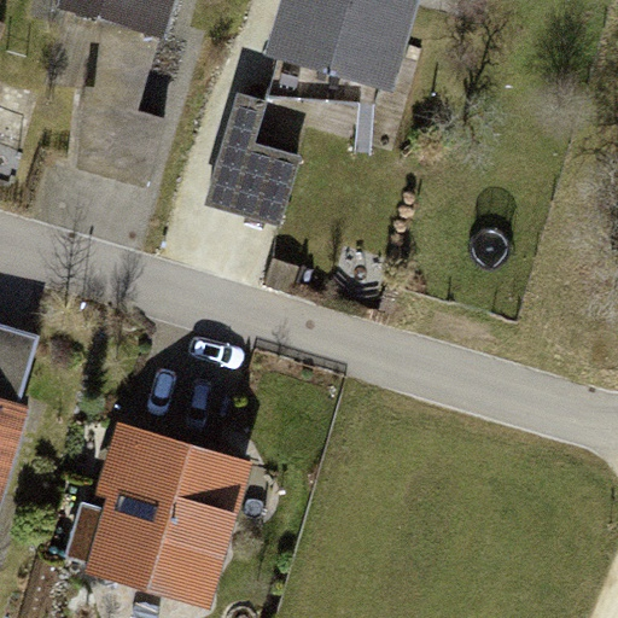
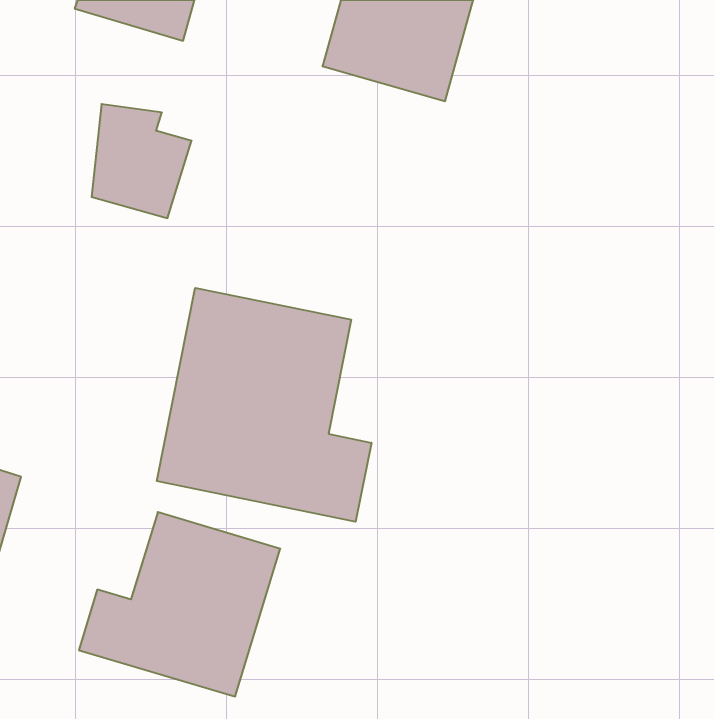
building: [218,138,304,217] -> none
building: none -> [157,288,371,522]

